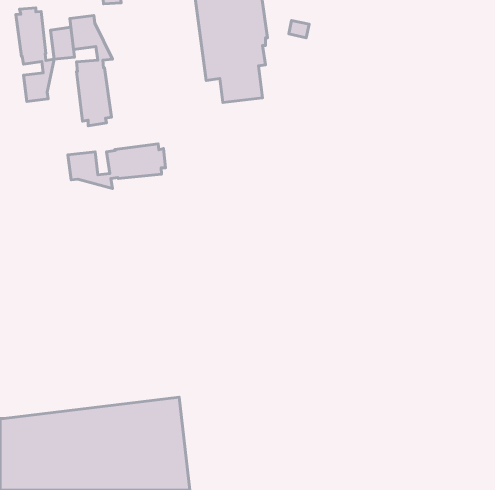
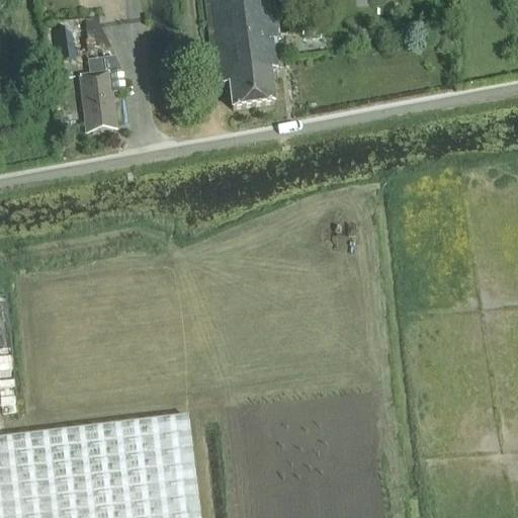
building: [16,8,54,102] -> none
building: [68,144,165,188] -> none

